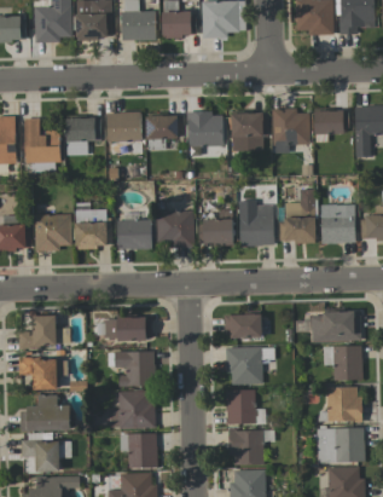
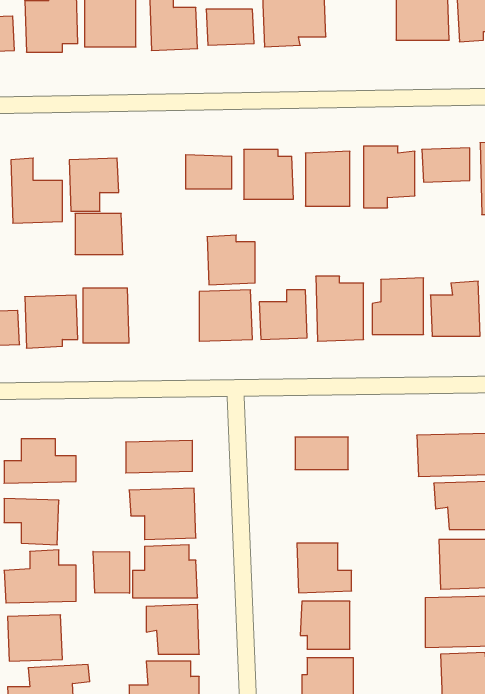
building: [108,112,141,141] -> [75,213,123,254]
building: [117,215,151,250] -> [207,235,255,285]
building: [226,347,273,385] -> none
building: none -> [93,551,129,593]

